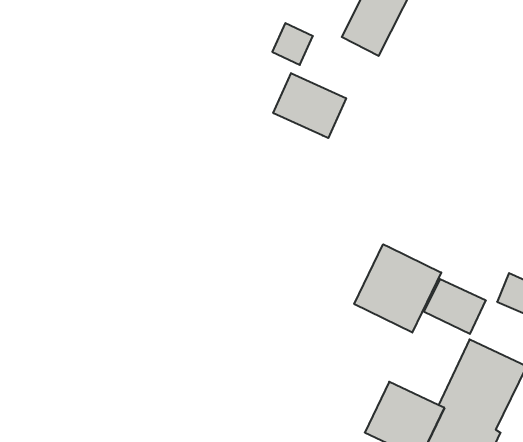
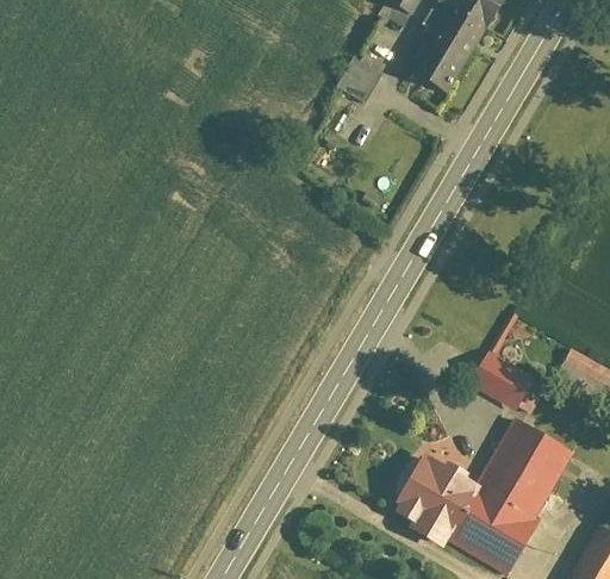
building: [273,73,346,138] -> none
building: [354,244,441,333] -> none

